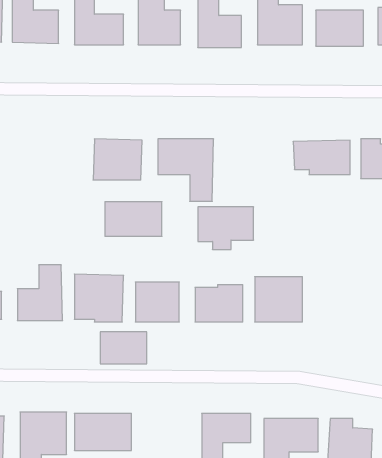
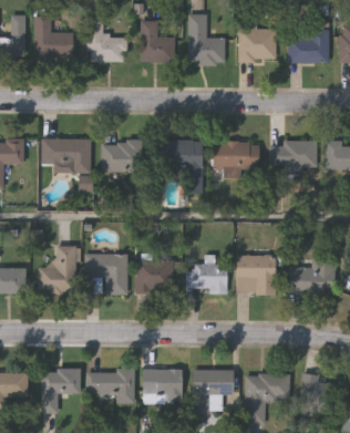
building: [105,202,162,236] -> [42,140,90,168]
building: [198,207,254,249] -> [213,142,259,177]
building: none -> [289,260,334,296]
building: [100,332,147,364] -> [143,369,182,395]

